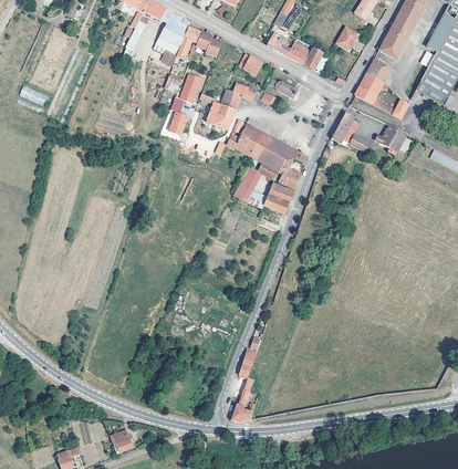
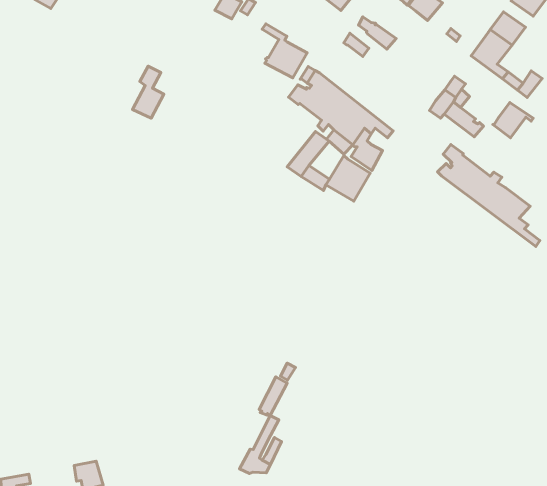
building: [220,82,260,110] -> none
building: [168,96,189,134] -> [133,66,164,118]
building: none -> [438,144,540,246]

